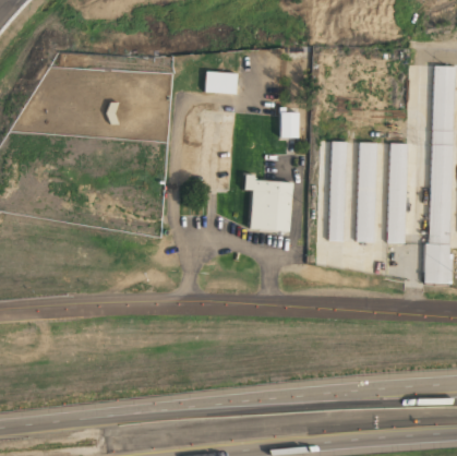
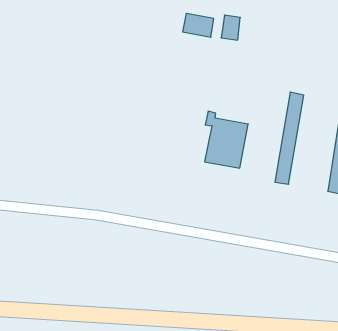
building: [281,112,300,137] -> [221,15,240,40]
building: [358,143,378,242] -> none

